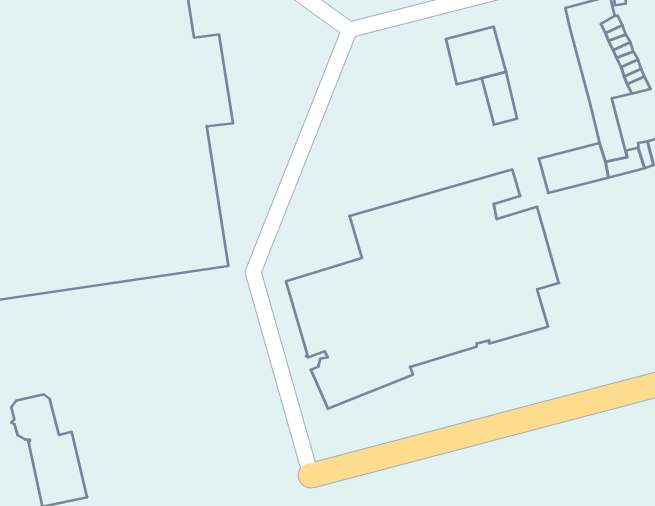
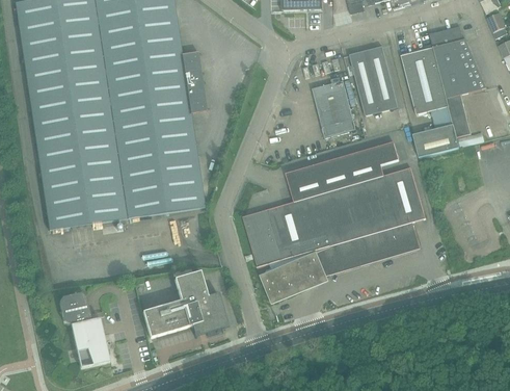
building: none -> [401,47,449,114]
building: none -> [313,80,356,137]
building: none -> [357,80,382,115]
building: none -> [142,270,227,337]

